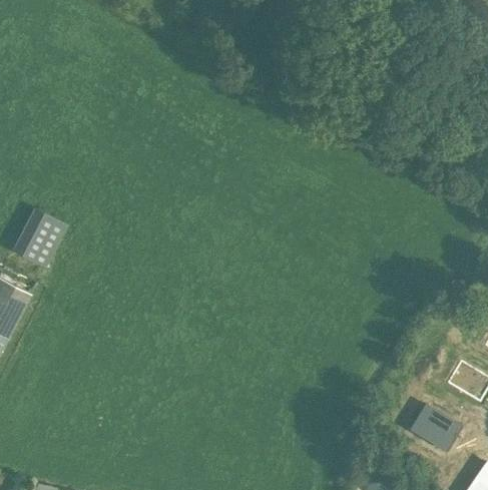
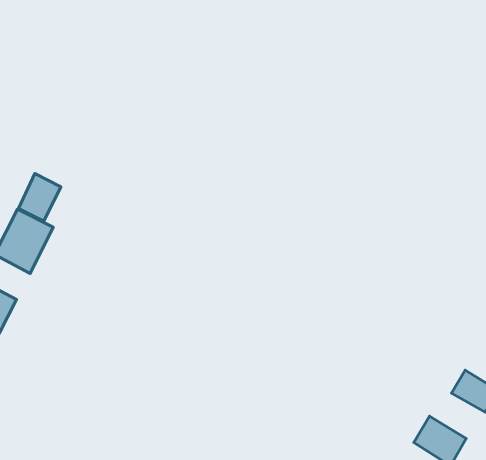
building: none -> [18,173,61,221]

